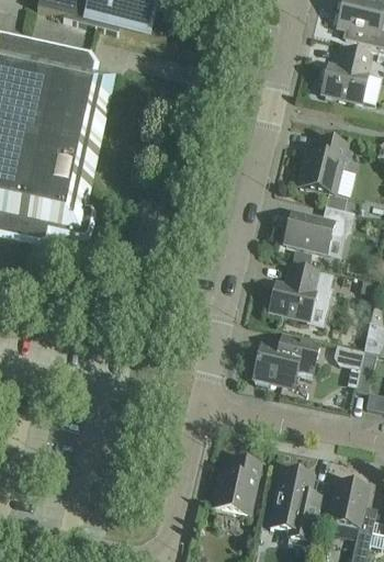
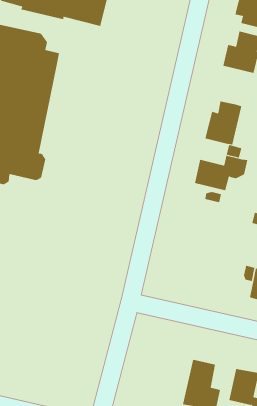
building: [269,263,334,318] -> none
building: [252,336,319,384] -> none
building: [213,456,260,513] -> none

